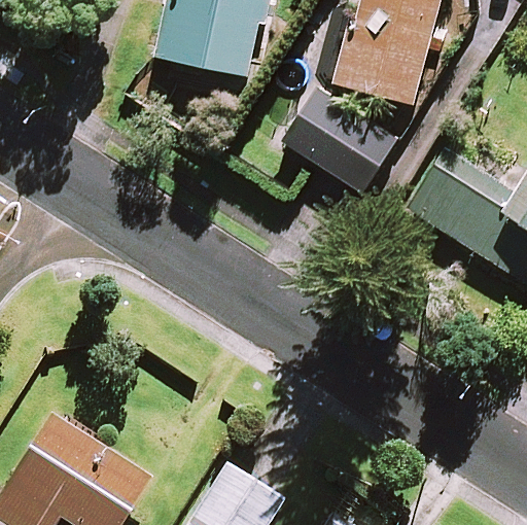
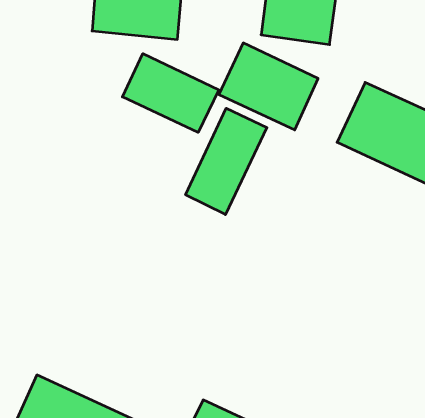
building: none -> [122,54,219,132]
building: none -> [186,108,267,215]

